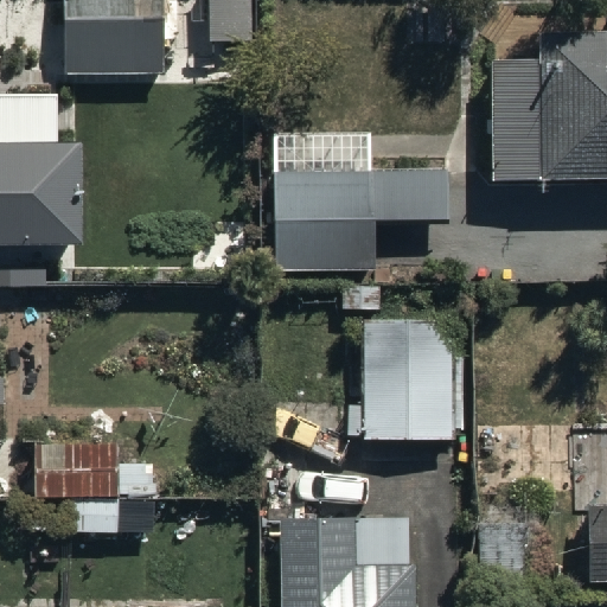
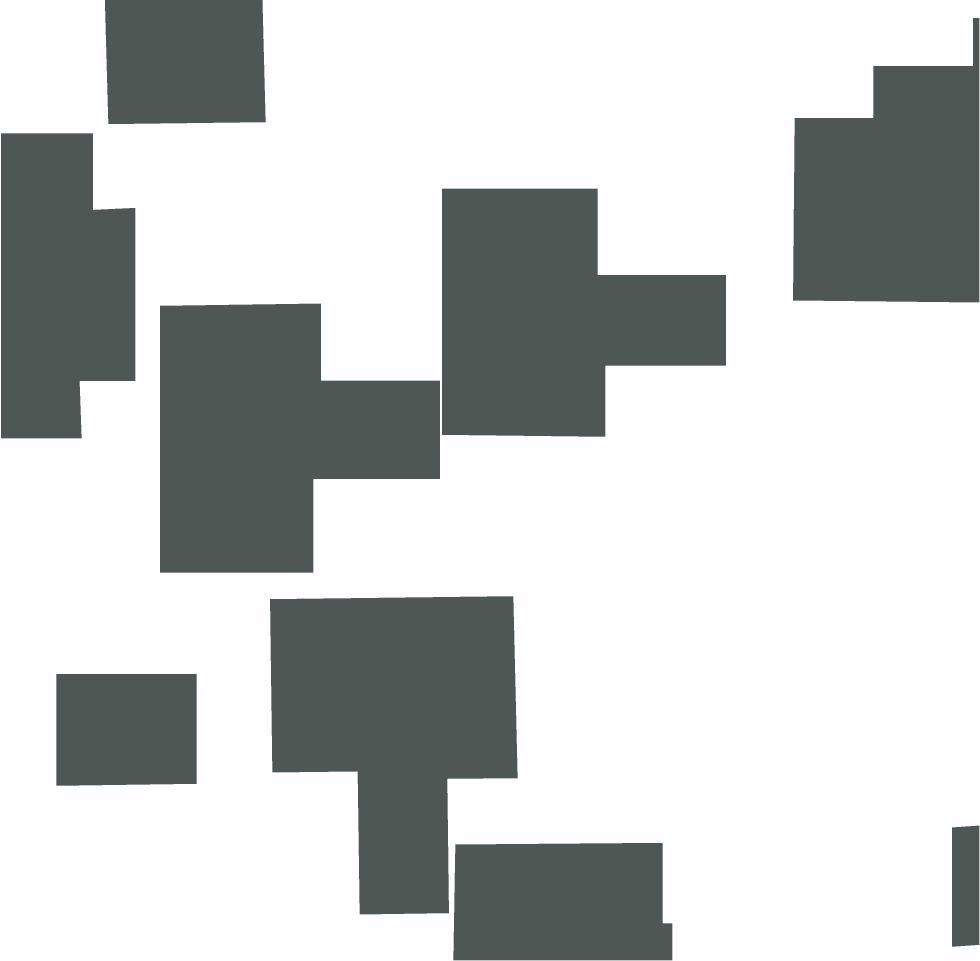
building: none -> [159,303,441,574]
building: [359,322,454,442] -> none
building: none -> [269,595,519,915]

